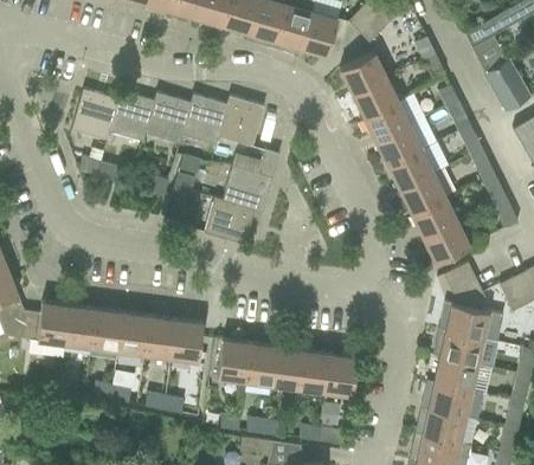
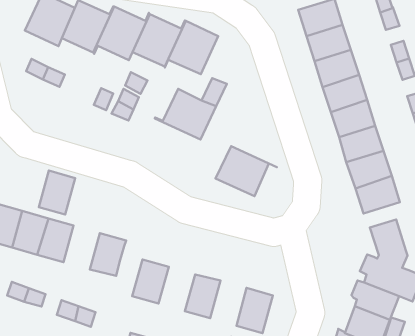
building: [204,198,263,244] -> [216,146,277,196]
building: [144,316,176,357] -> [39,171,75,215]
building: [245,343,277,385] -> none
building: [298,349,330,392] -> none

